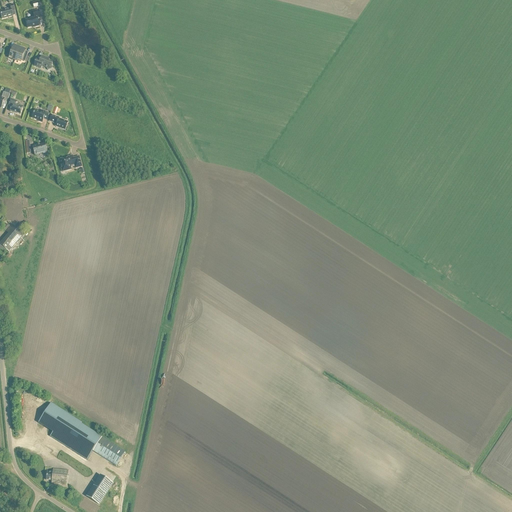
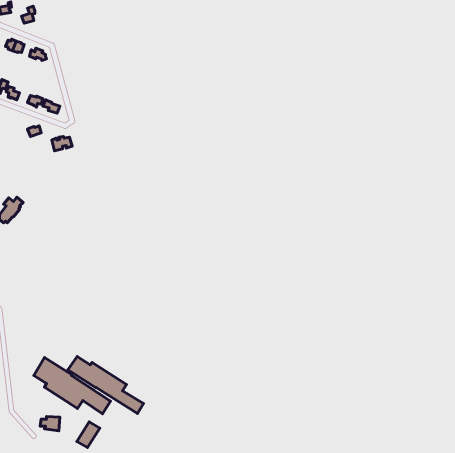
building: none -> [68,357,144,413]

